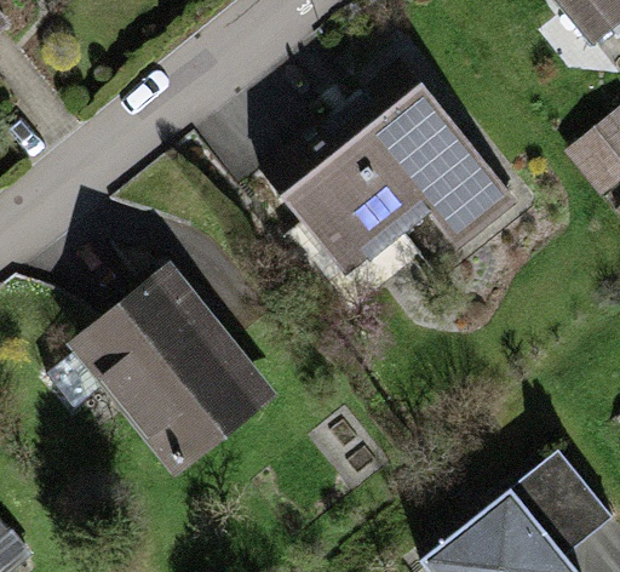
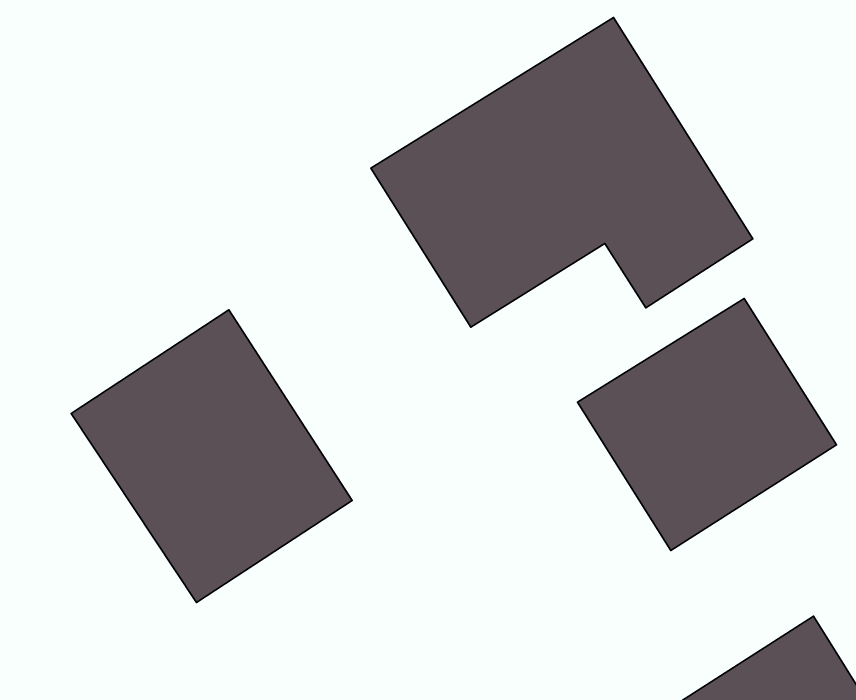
building: none -> [578,299,836,551]

